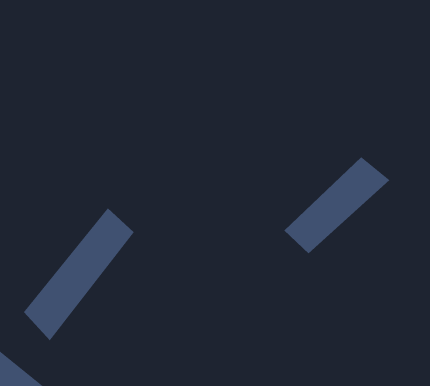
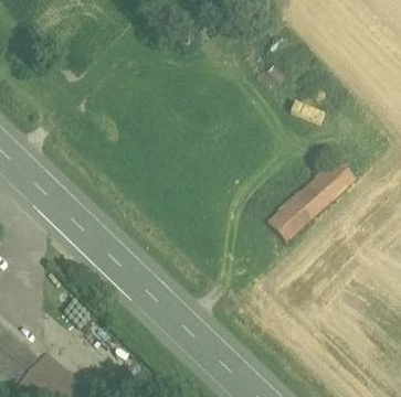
building: [23,208,135,341] -> none

